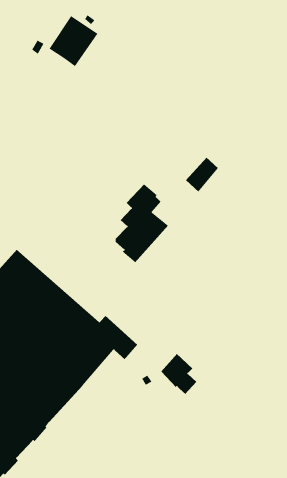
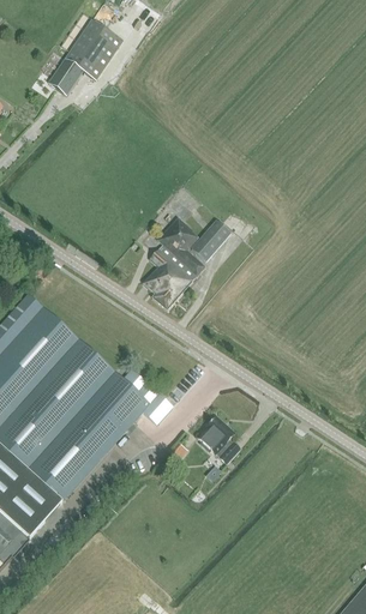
building: none -> [47,59,82,96]
building: [185,157,219,193] -> [190,221,229,263]

